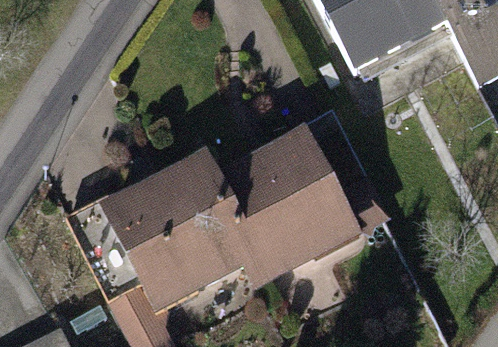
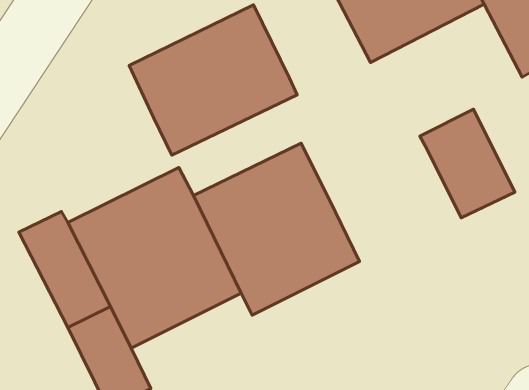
building: none -> [129,5,297,155]
building: [293,106,371,195] -> [420,109,515,218]

